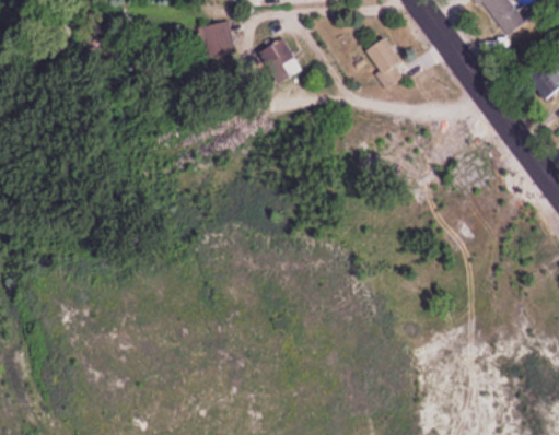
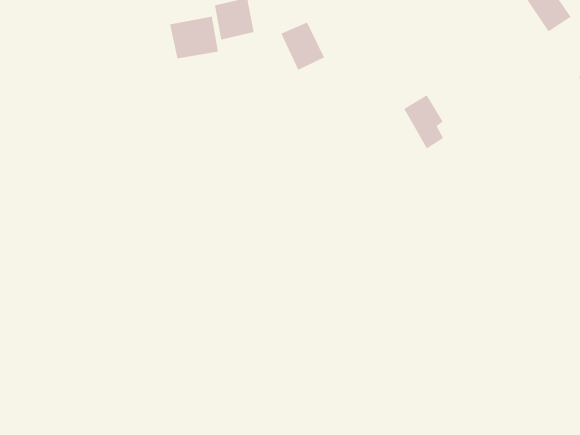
building: [364,36,403,86] -> [404,94,444,149]
building: none -> [170,16,219,59]

